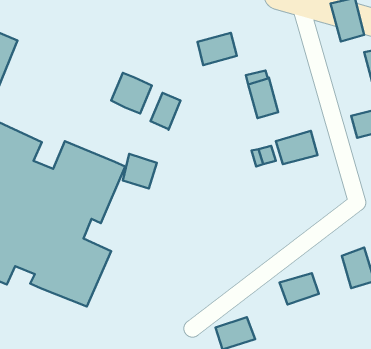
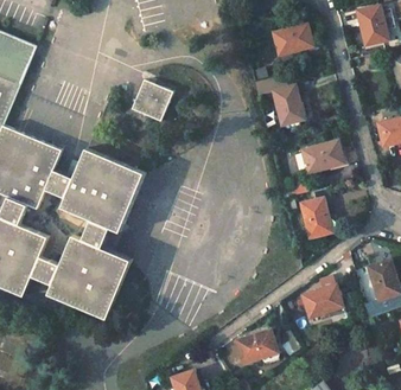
building: [197,33,237,65] -> [272,23,312,56]
building: [150,93,181,130] -> none
building: [123,154,157,189] -> none
building: none -> [299,197,332,238]

